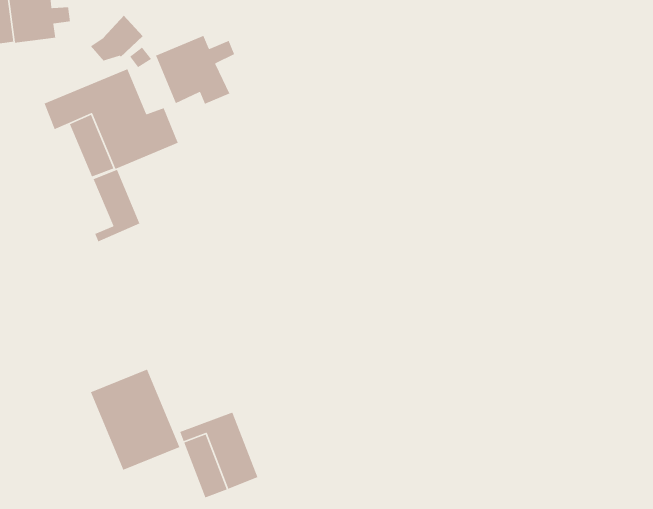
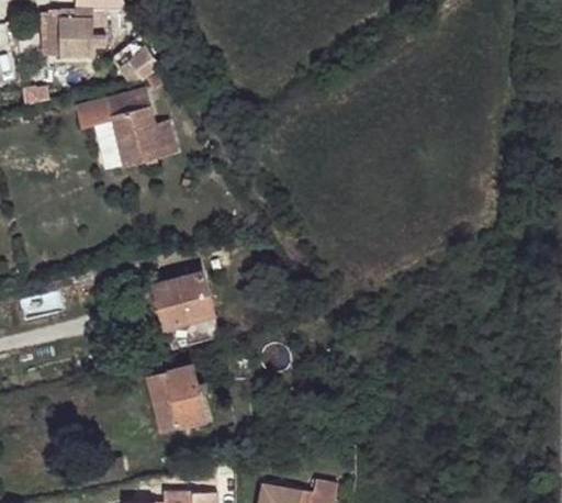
building: [155,35,235,105] -> none
building: [93,169,140,243] -> none
building: [90,369,181,471] -> [154,271,218,348]

